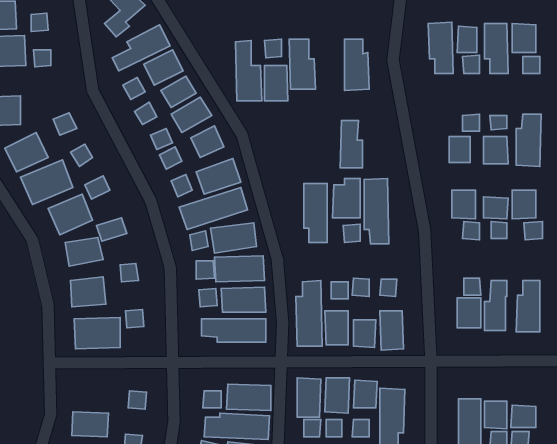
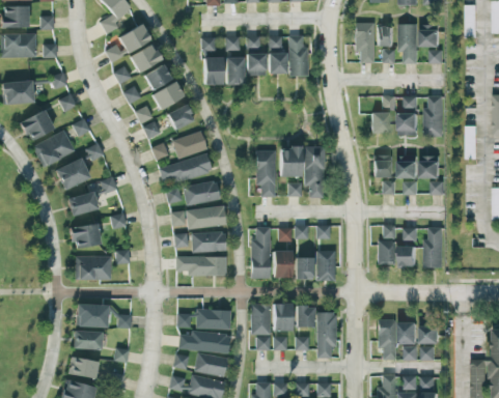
building: [340,120,362,168] -> [268,36,285,74]
building: none -> [76,305,107,328]

